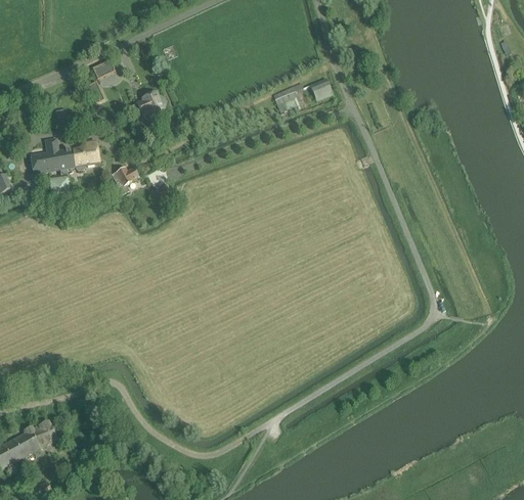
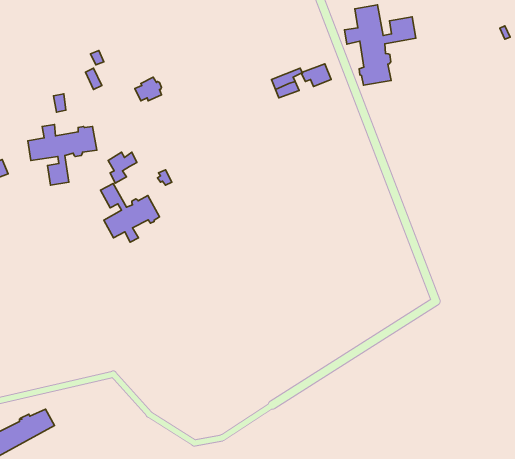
building: none -> [344,5,416,85]
building: none -> [100,183,159,242]

